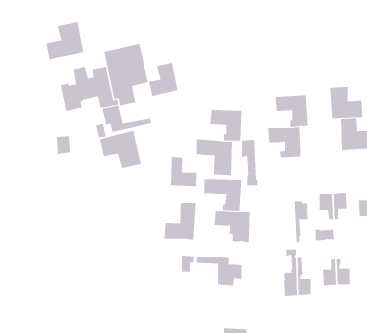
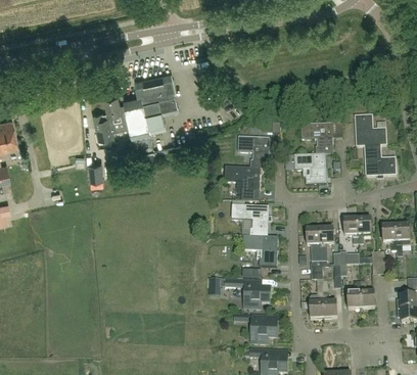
building: [46,21,84,60] -> none
building: [148,62,178,97] -> none
building: [99,130,141,169] -> none
building: [241,137,258,186] -> [307,225,323,272]
building: [170,156,197,187] -> none
building: [164,202,196,240] -> none
building: none -> [251,314,277,342]

